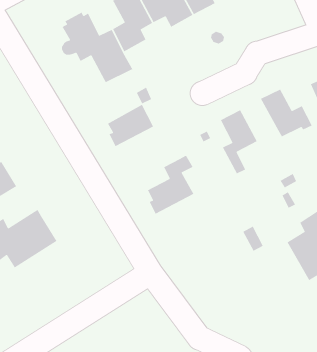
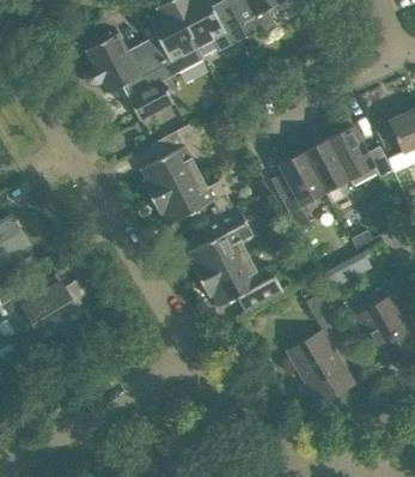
building: none -> [304,138,349,204]
building: none -> [151,173,234,224]
building: none -> [200,255,283,307]
building: none -> [287,331,353,404]

